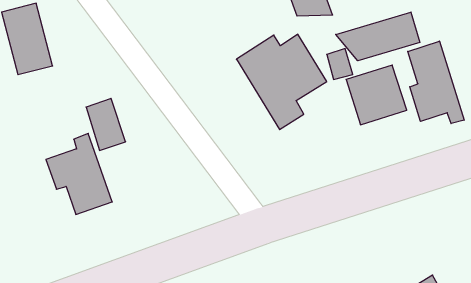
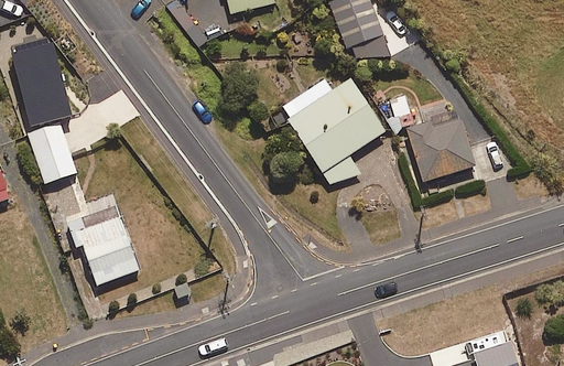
building: [336,12,420,61] -> none
building: [408,41,464,124] -> none
building: [86,98,126,150] -> [31,122,76,182]

